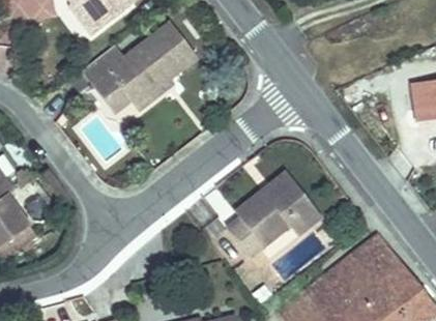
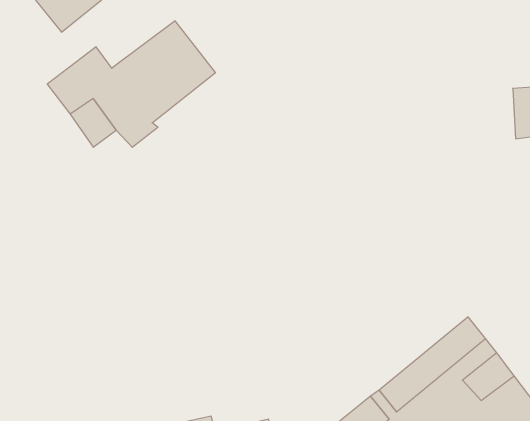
building: [230,171,324,254] -> none

